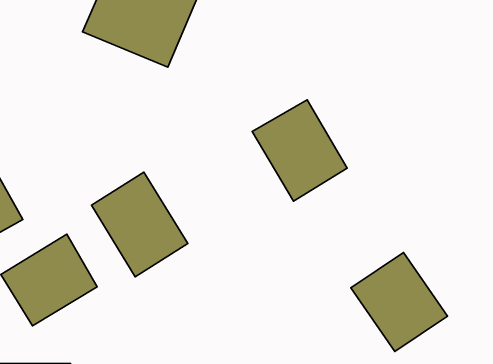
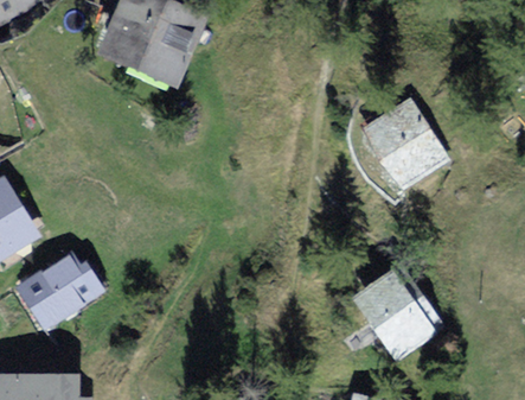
building: [252,100,347,201] -> [357,91,449,190]
building: [91,172,188,277] -> none

